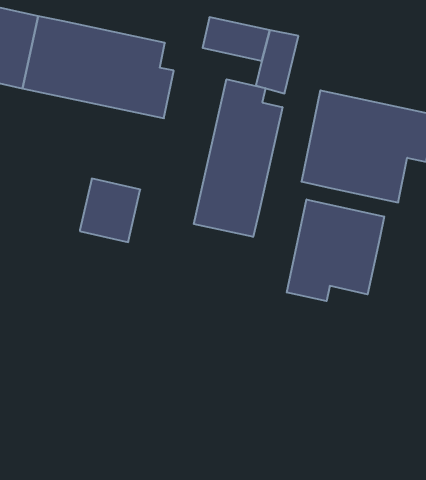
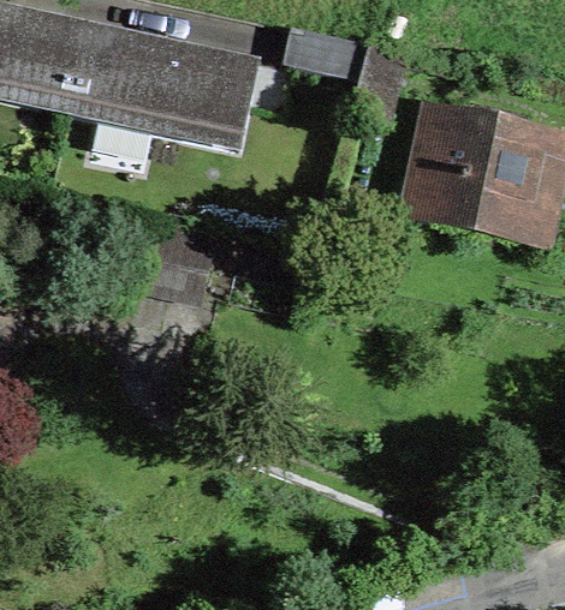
building: [194,79,282,237] -> none
building: [287,199,384,301] -> none

